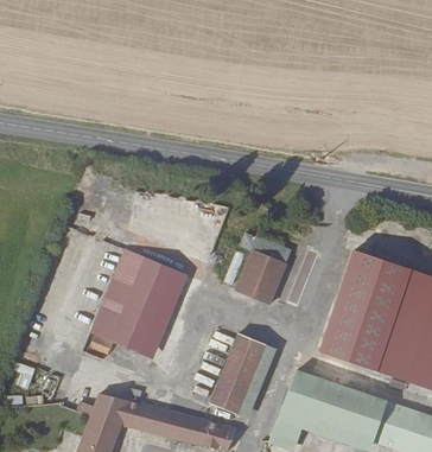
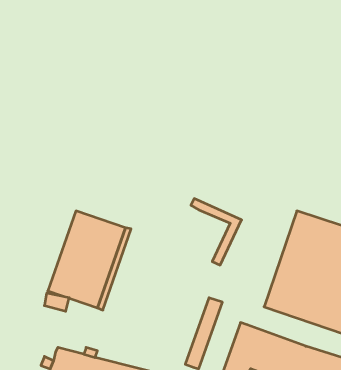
building: [230,249,284,304] -> none
building: [209,331,261,412] -> none

